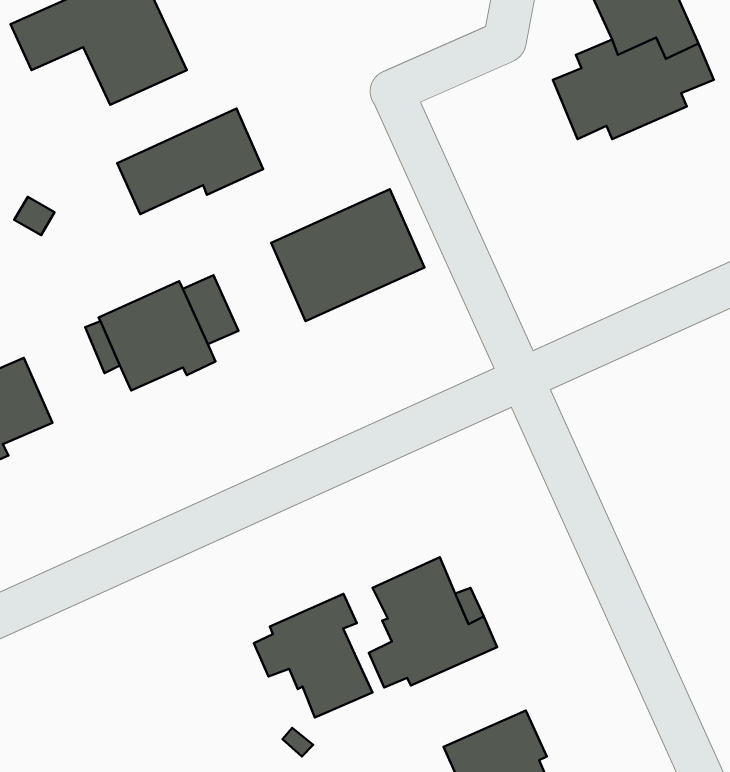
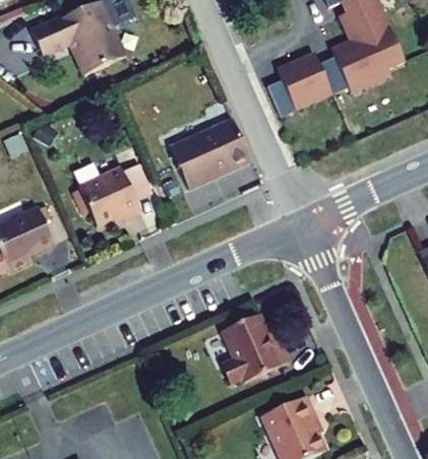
building: none -> [266,55,332,116]
building: [117,108,263,214] -> none
building: [254,594,373,717] -> none

